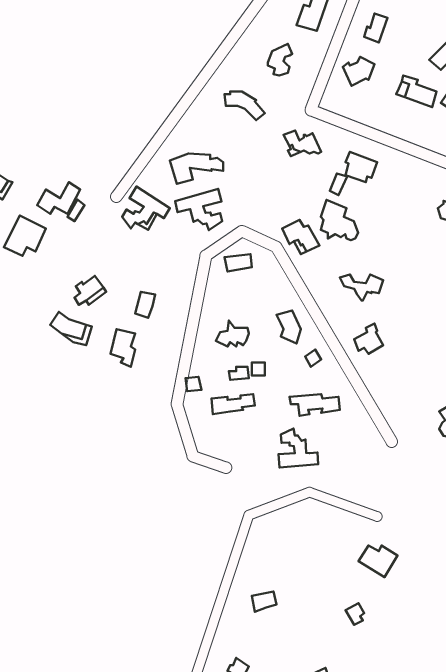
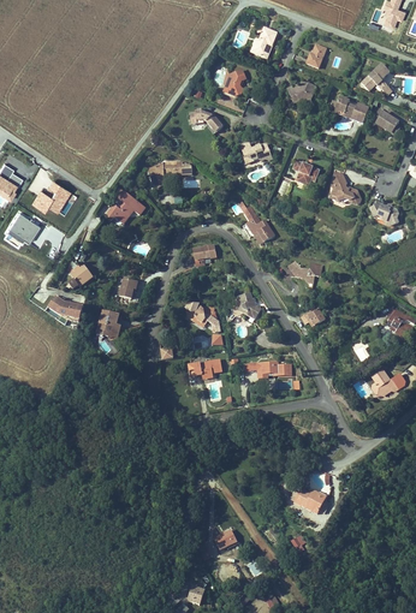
building: [175,189,222,230] -> none
building: [321,200,358,240] -> [329,168,361,202]
building: [279,428,318,468] -> none

